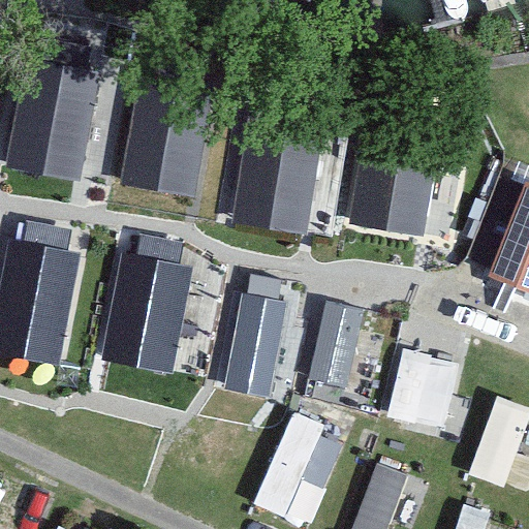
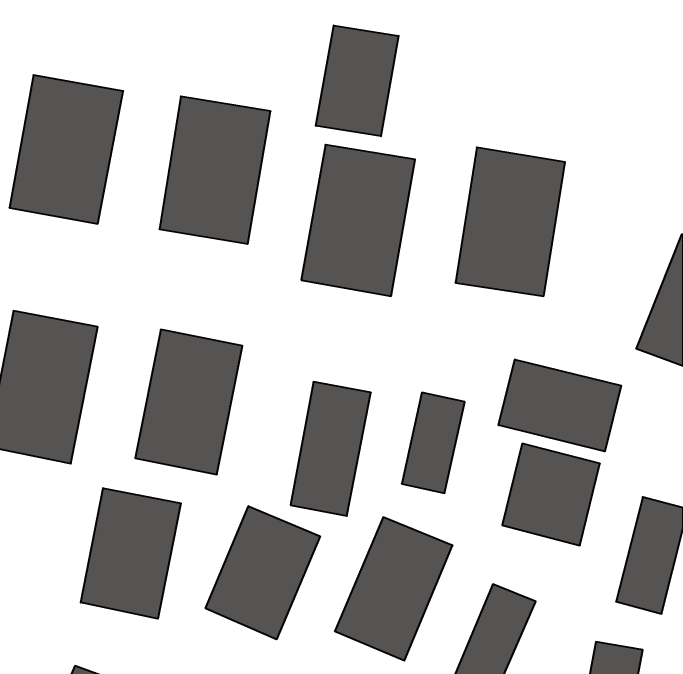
building: none -> [316,25,399,136]
building: none -> [499,359,621,451]
building: none -> [81,488,181,619]
building: none -> [206,506,320,639]

